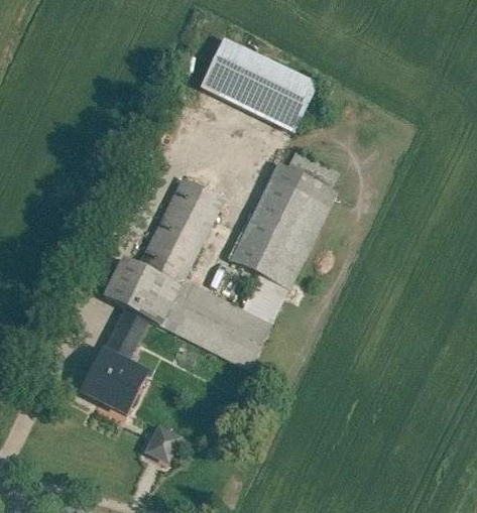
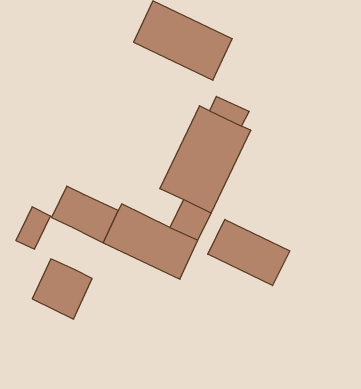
building: [139,176,224,286] -> none
building: none -> [208,219,290,286]
building: [107,306,148,357] -> [16,207,51,249]
building: [137,424,175,465] -> none

